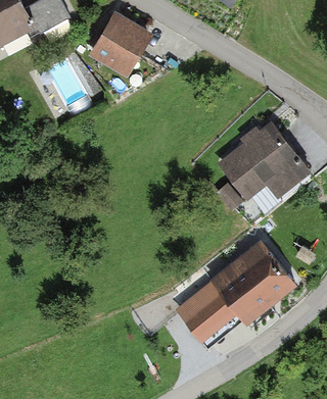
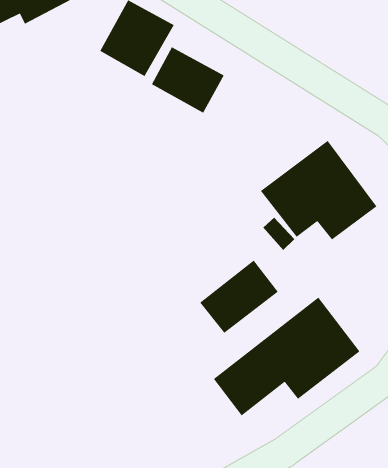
building: none -> [151,46,225,114]
building: none -> [199,260,279,334]

